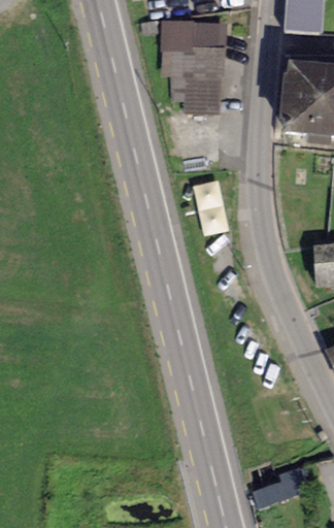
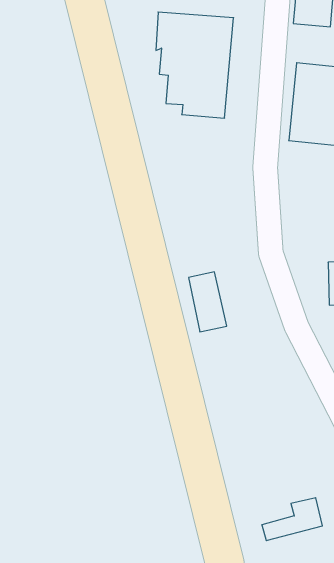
building: [196,175,231,230] -> [189,272,227,332]

